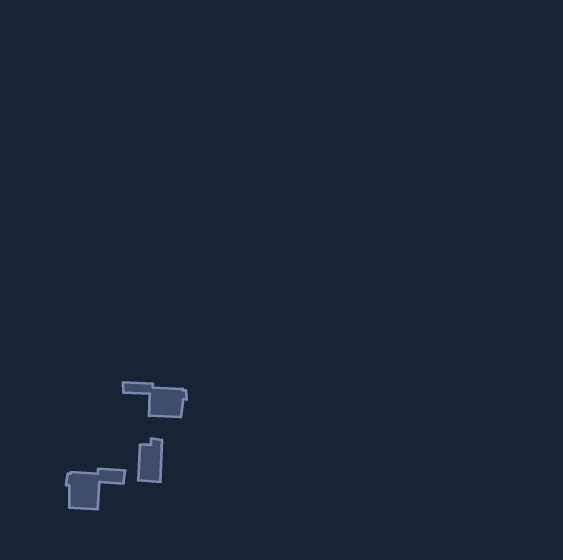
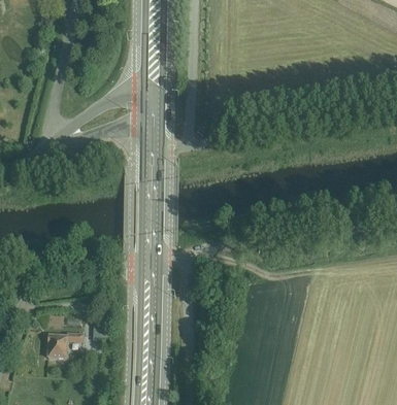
building: [123,382,187,417] -> none

